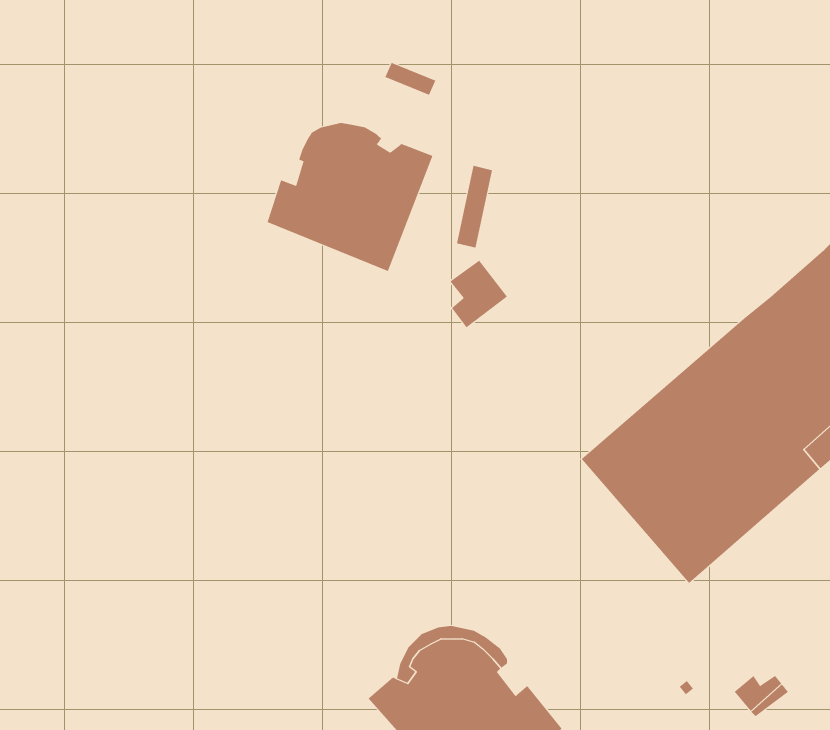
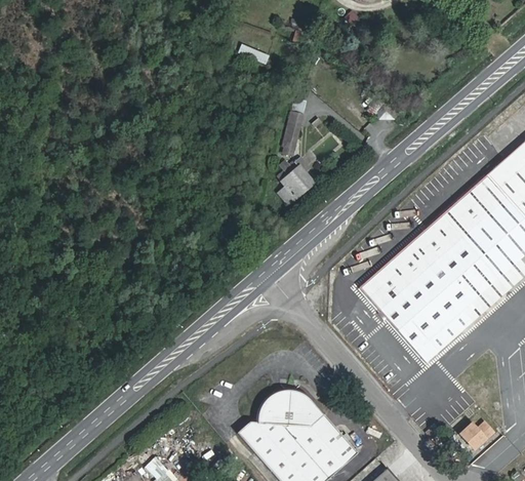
building: [267,122,433,272] -> none

